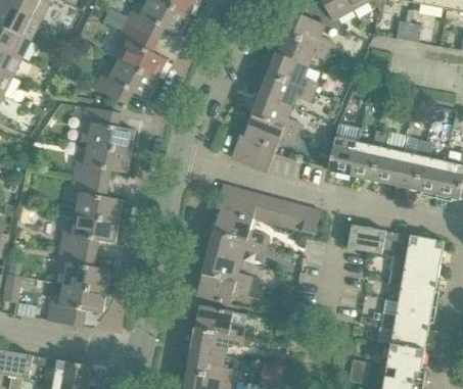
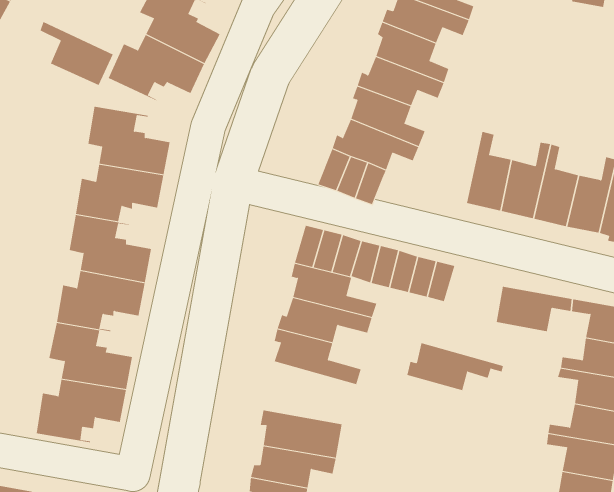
building: none -> [40,21,114,86]
building: [192,273,256,304] -> [407,342,504,391]

